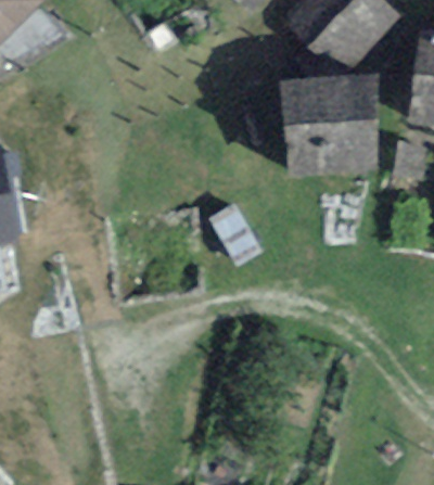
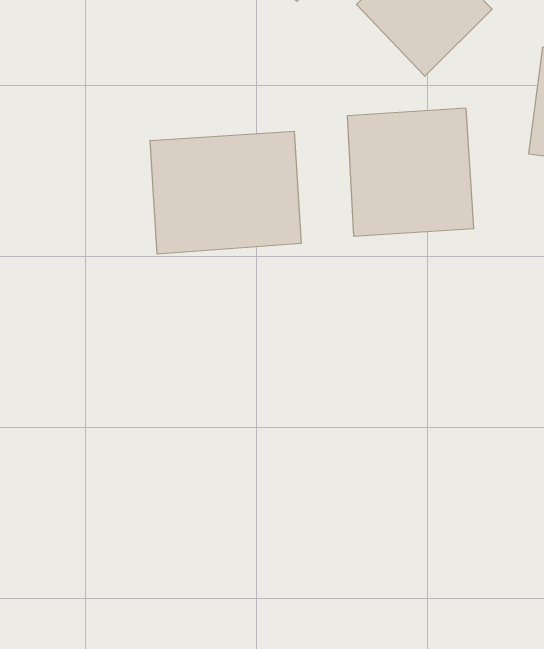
building: none -> [150,131,301,254]

